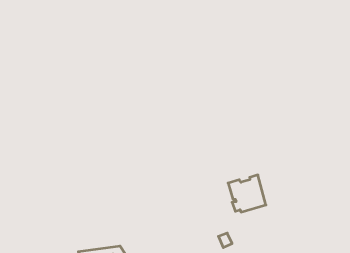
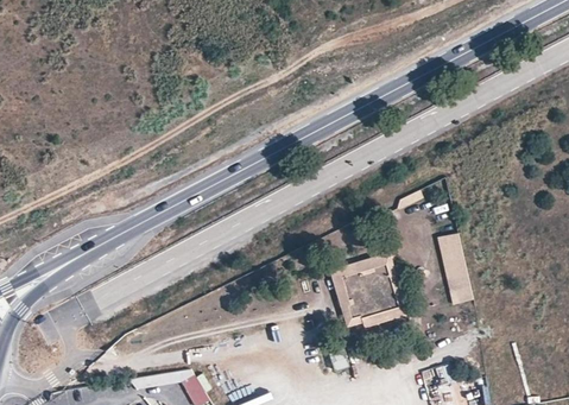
building: none -> [435,234,473,303]

